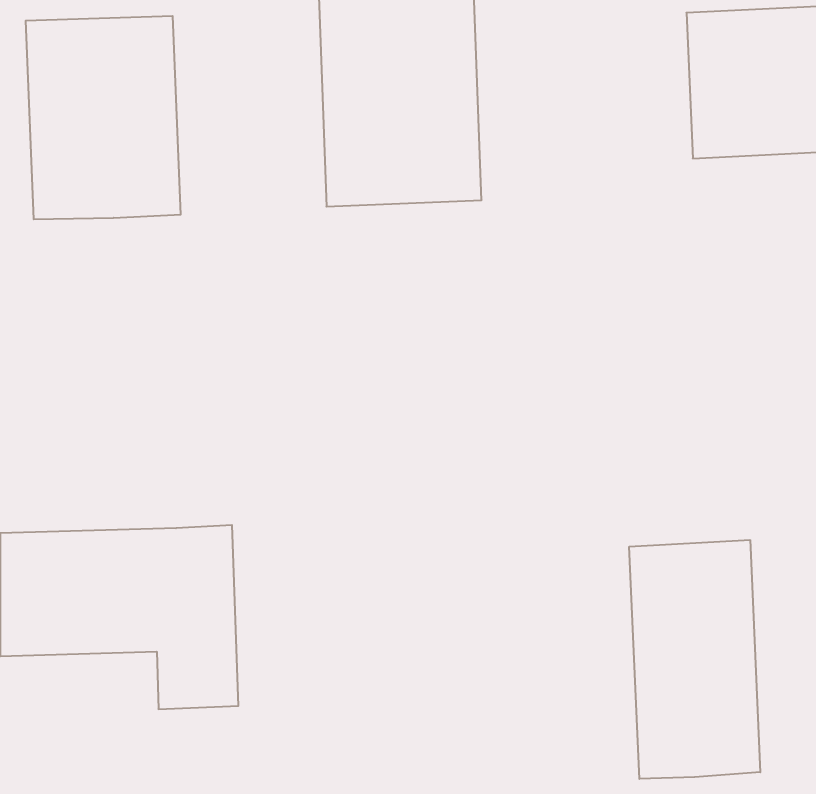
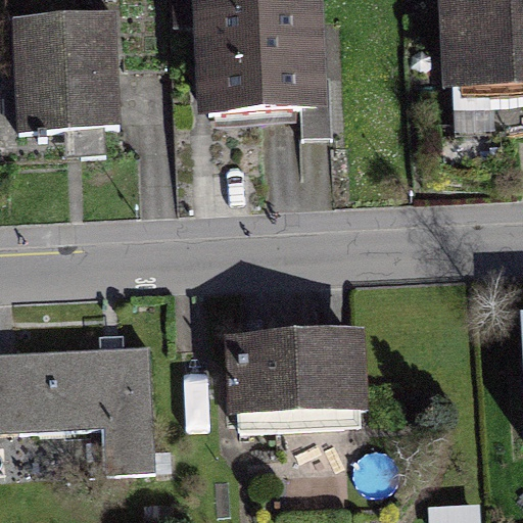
building: none -> [232,331,360,429]
building: [629,540,760,779] -> none

